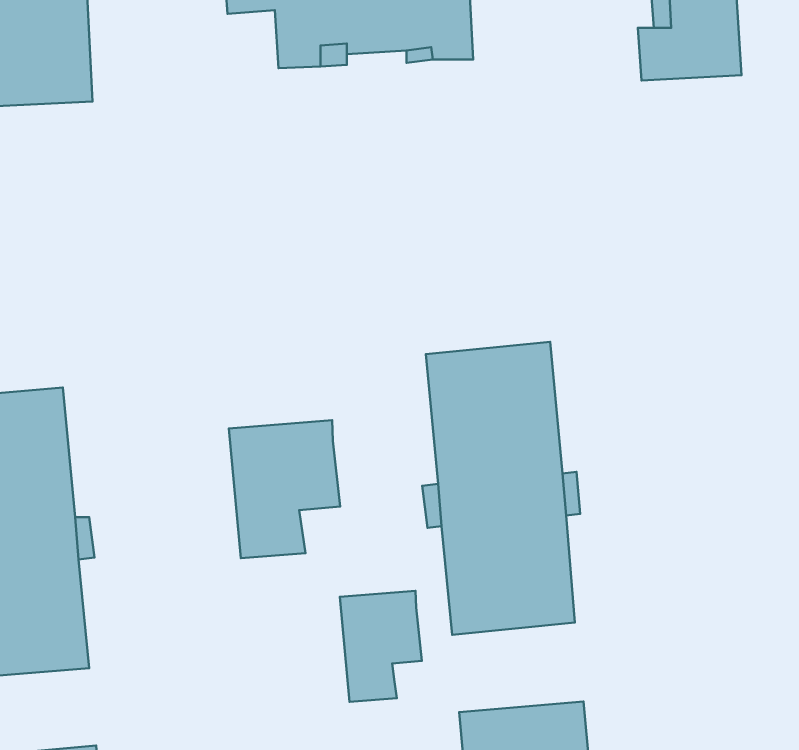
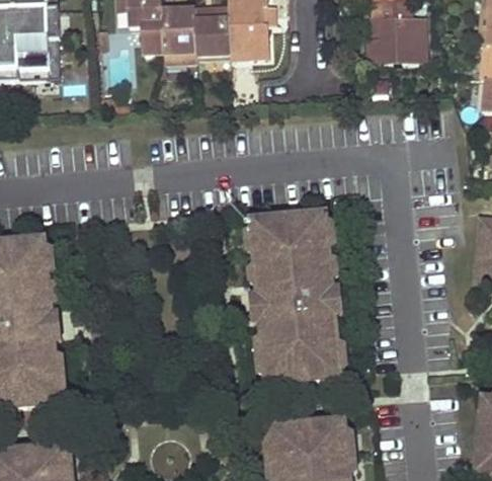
building: [229,420,340,558] -> none
building: [340,591,422,702] -> none

